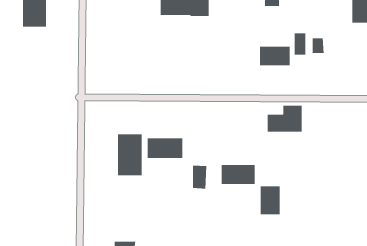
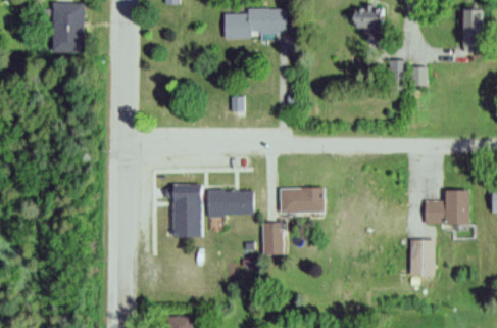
building: [259,46,290,66] -> none
building: [267,105,302,132] -> [426,189,469,223]
building: [221,165,255,184] -> [280,188,322,213]
building: [260,186,280,215] -> [410,239,436,275]

